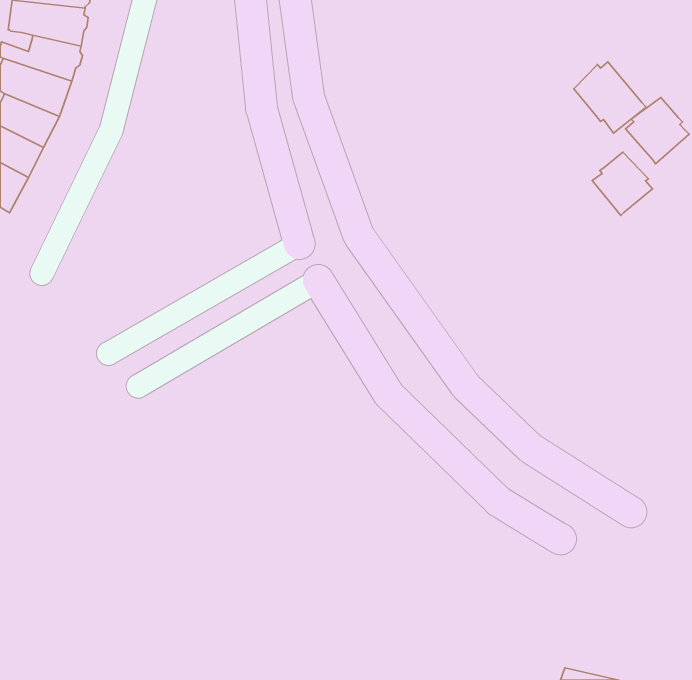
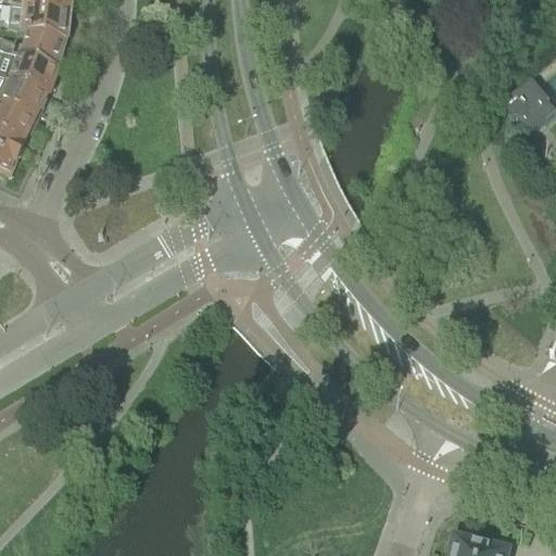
building: [574,62,646,133] -> none
building: [592,152,653,216] -> none

